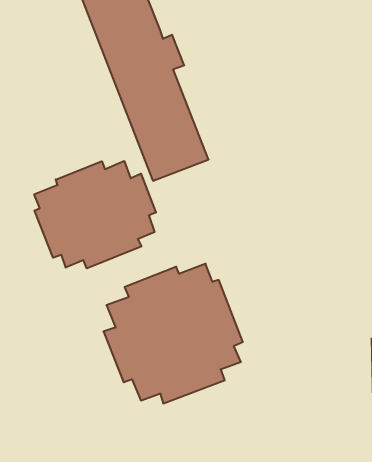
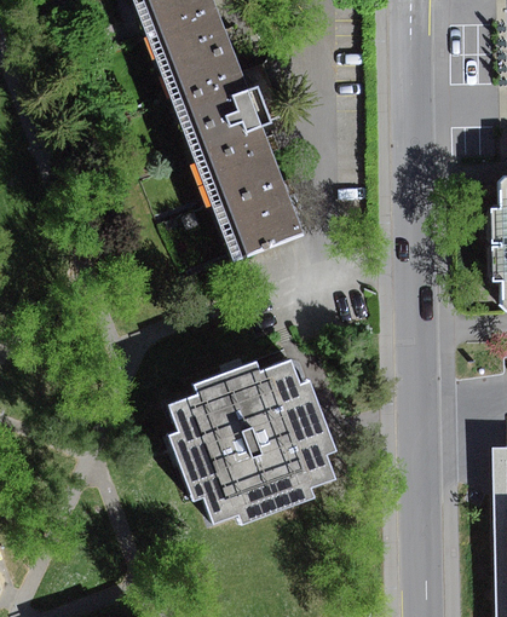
building: [34,161,156,268] -> none

